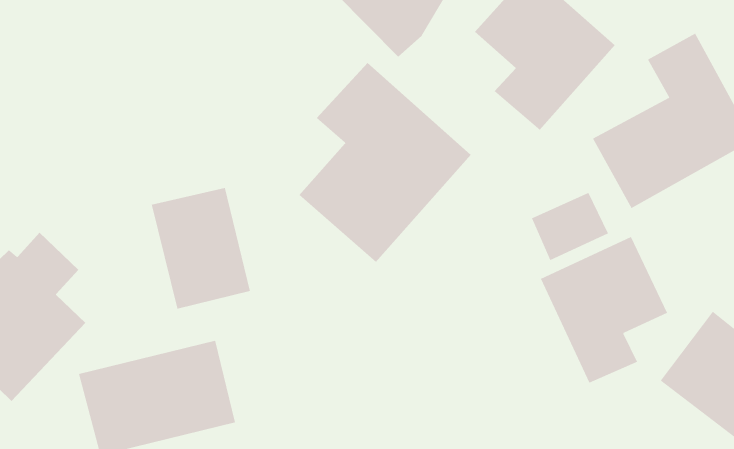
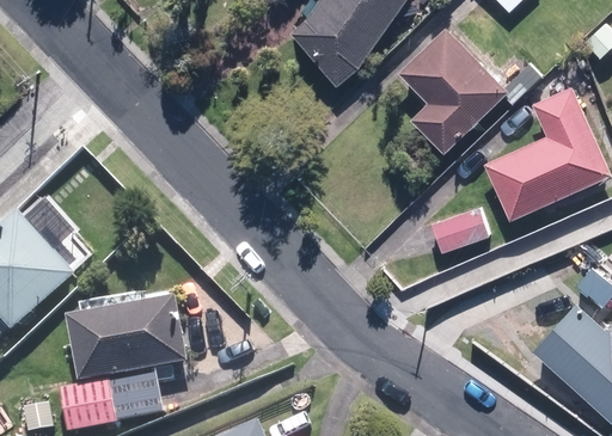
building: [299,62,472,263] -> none
building: [151,187,250,309] -> none
building: [540,236,668,383] -> none

